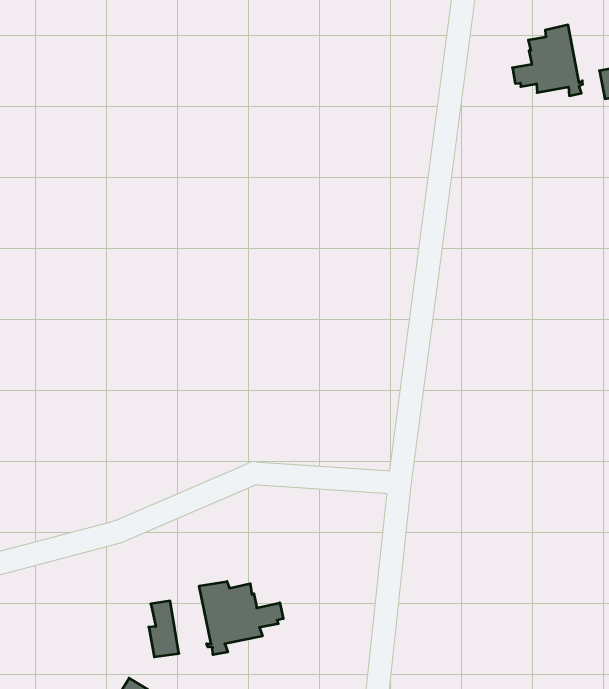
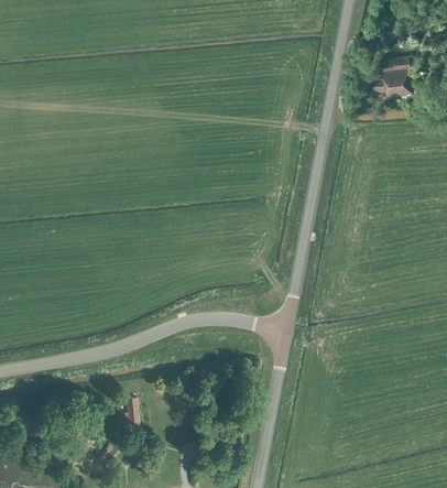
building: [199,581,283,655] -> none

